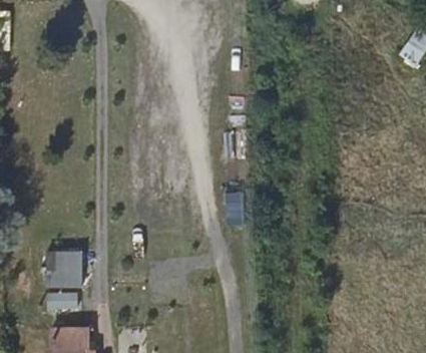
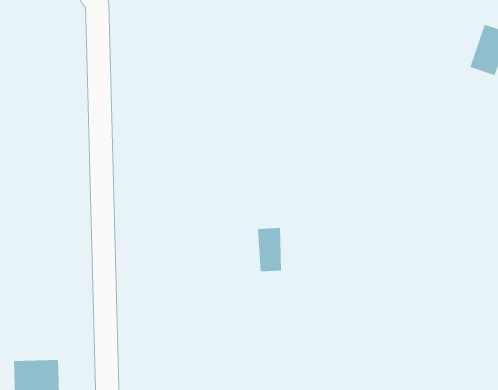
building: [48,249,86,288] -> none

